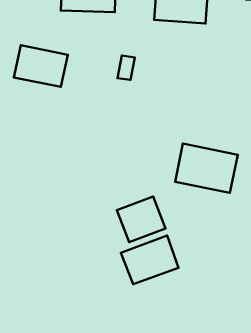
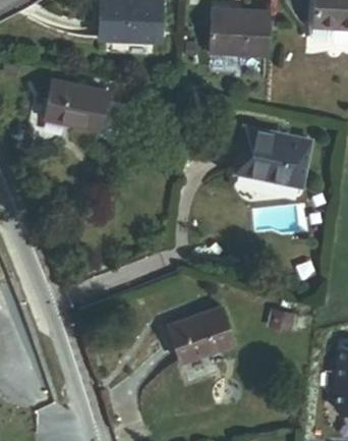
building: [175,143,238,193] -> [238,128,311,186]
building: [117,197,166,242] -> none

